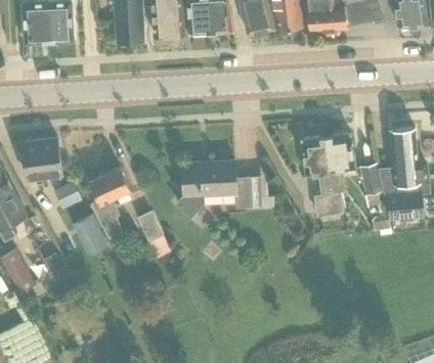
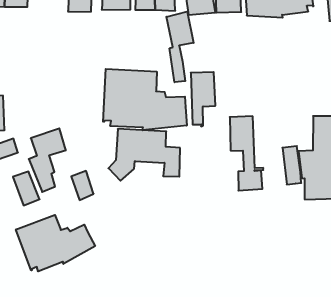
building: none -> [166,12,194,82]
building: none -> [103,69,187,130]
building: [326,132,355,191] -> [191,72,215,126]
building: none -> [16,215,95,271]

